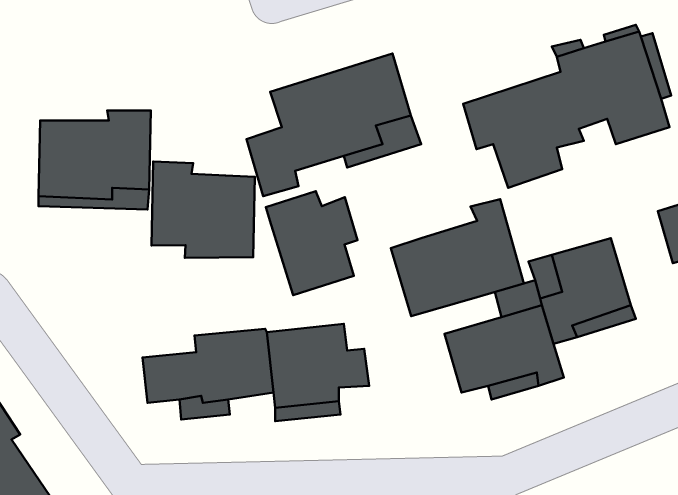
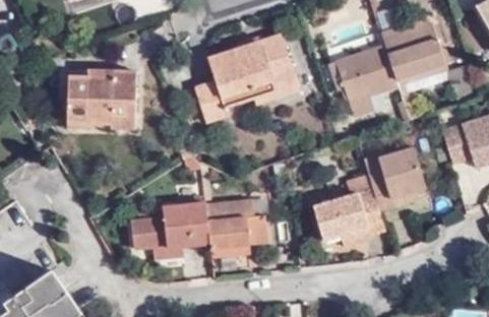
building: [151,161,255,258] -> none
building: [266,191,357,295] -> none
building: [391,199,524,316] -> none

